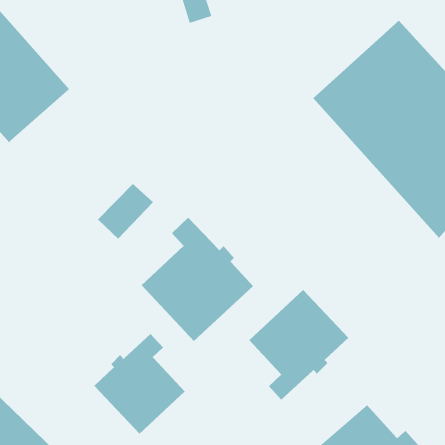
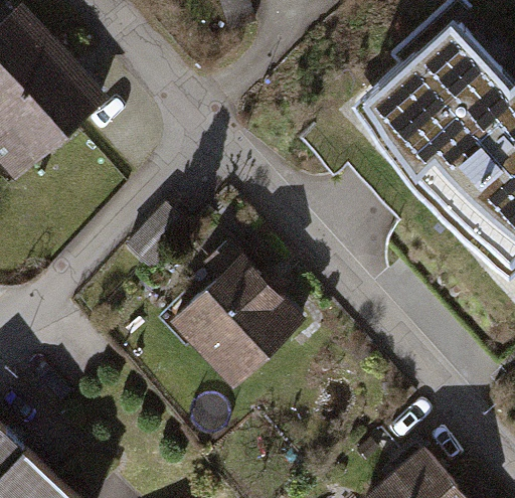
building: [248,289,349,400] -> none
building: [93,333,186,435] -> none

